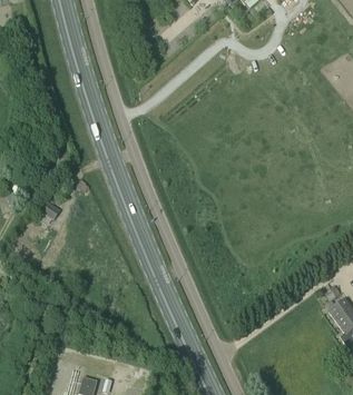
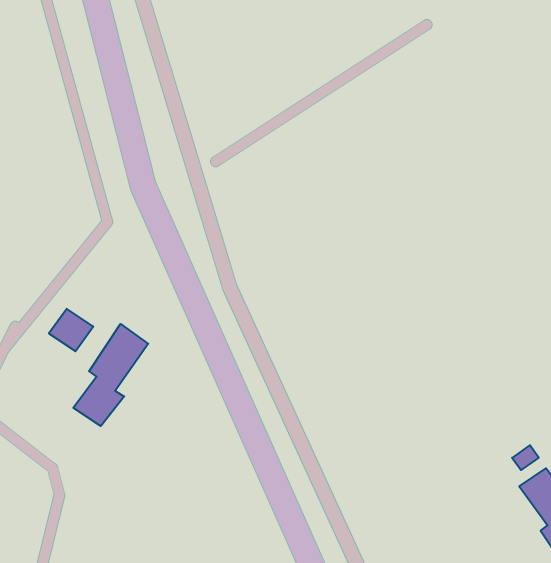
building: none -> [73,324,148,426]

